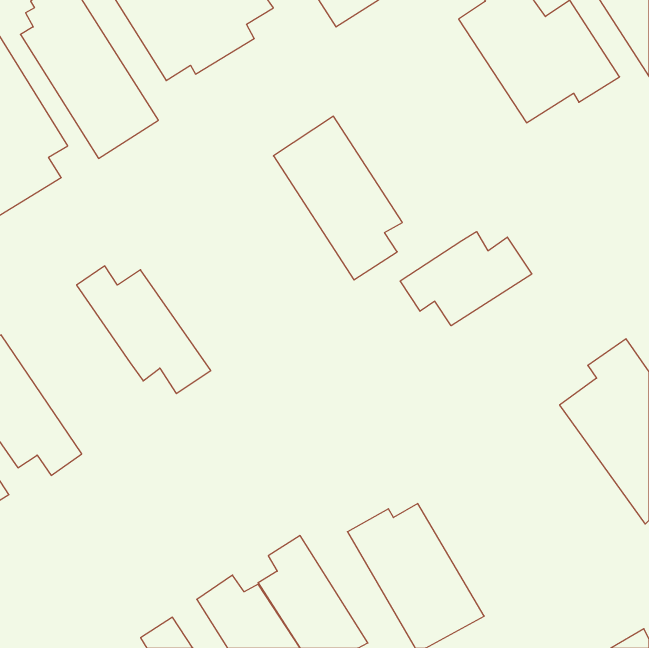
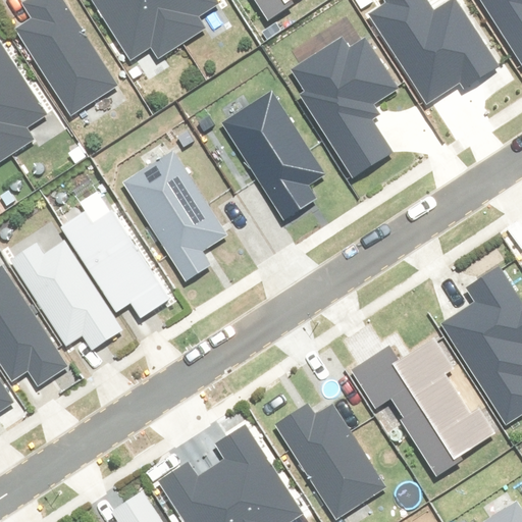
building: none -> [289,40,393,172]
building: none -> [124,152,227,280]
building: [400,232,532,326] -> none
building: none -> [16,244,119,342]
building: none -> [351,333,503,479]

